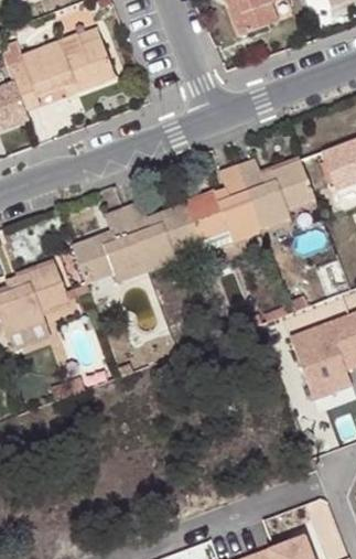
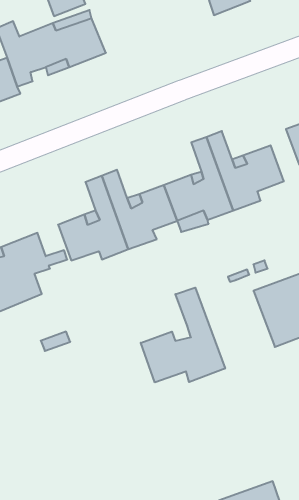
building: none -> [141,288,225,382]

